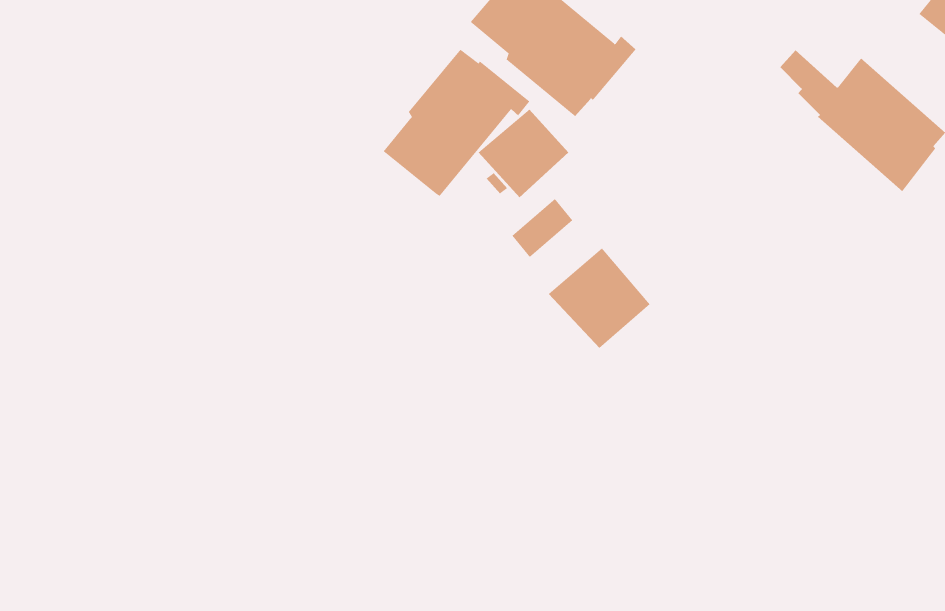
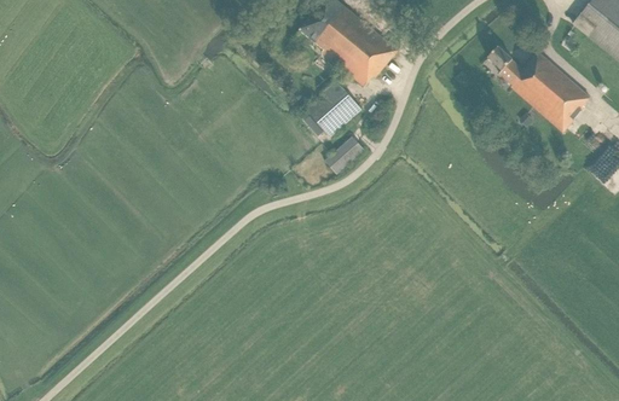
building: [383,49,530,197] -> none
building: [548,247,651,349] -> none

